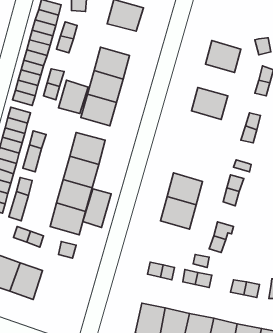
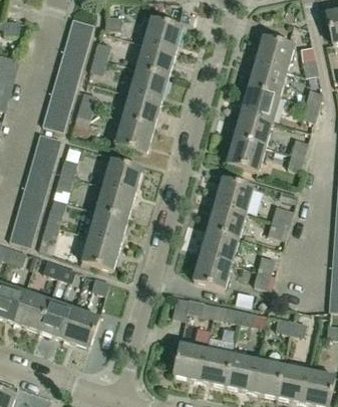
building: none -> [256,36,294,70]
building: none -> [136,43,175,77]
building: none -> [241,86,280,121]
building: [58,80,88,114] -> none
building: none -> [227,137,266,171]
building: none -> [215,178,254,212]
building: [83,189,111,228] -> none
building: none -> [193,254,232,288]
building: none -> [64,308,99,348]

